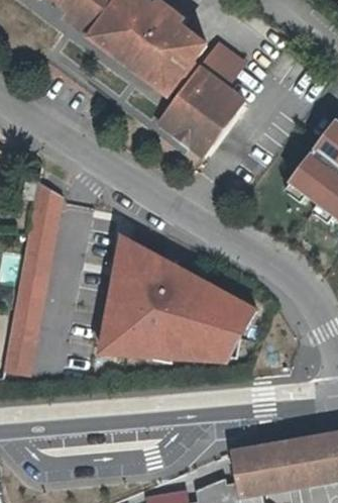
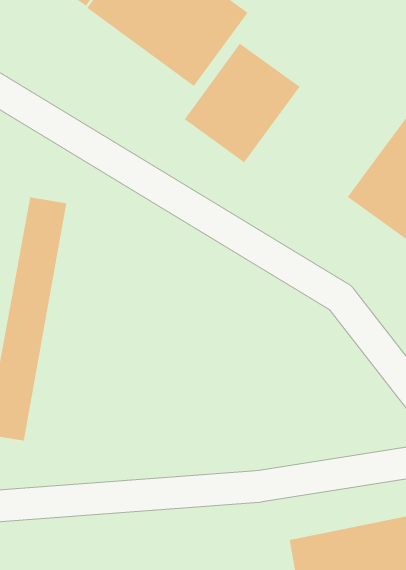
building: [203,38,249,84] -> none
building: [102,236,249,359] -> none

